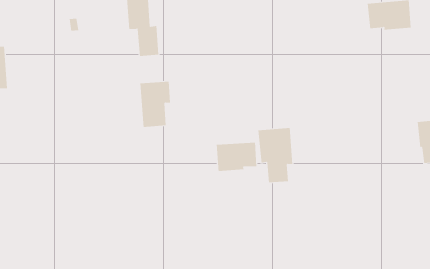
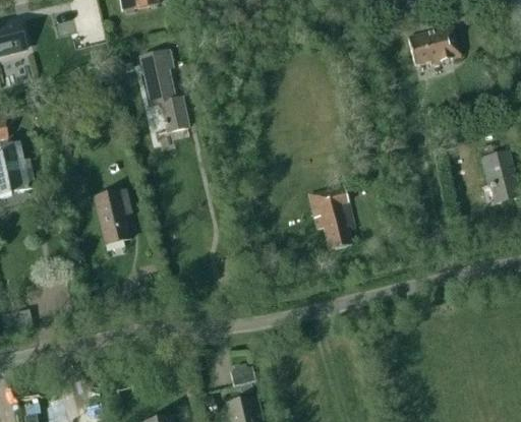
building: [139,81,171,128] -> [94,189,131,244]
building: [216,142,257,172] -> none

